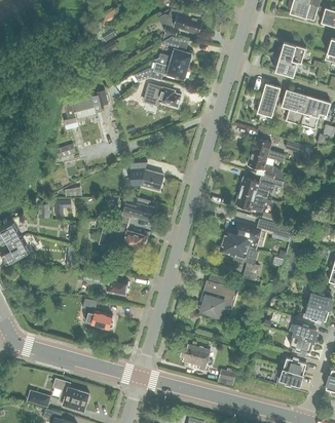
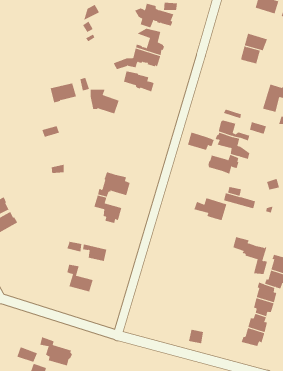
building: [257,83,281,117] -> none
building: [282,89,309,125] -> none
building: [132,162,164,190] -> [90,89,119,114]
building: [235,190,266,210] -> [187,132,215,150]
building: [221,237,260,279] -> [233,236,268,274]
building: [201,279,237,315] -> none
building: [181,344,211,367] -> none

